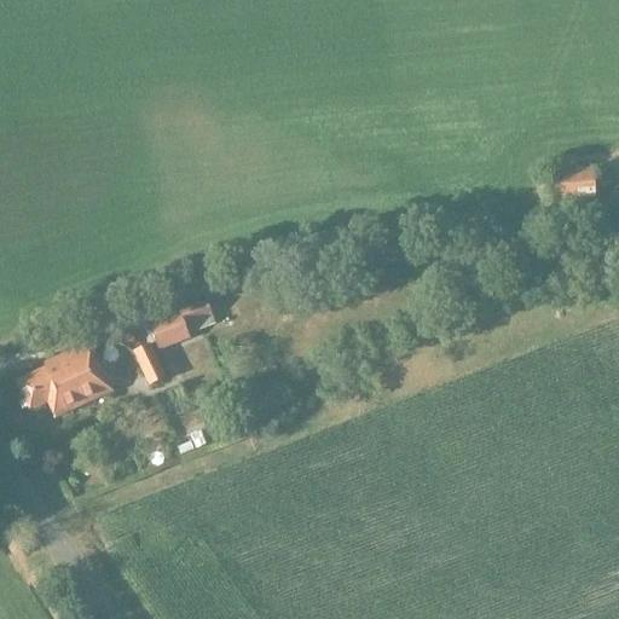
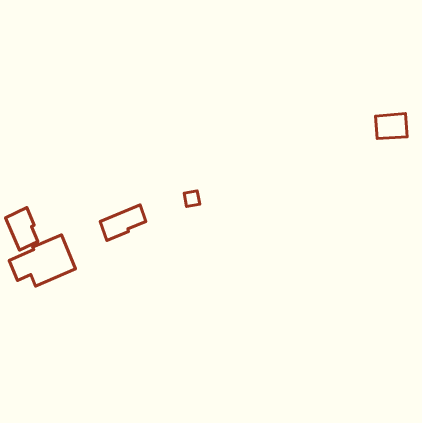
building: none -> [6,208,38,250]
building: [133,342,167,384] -> none

